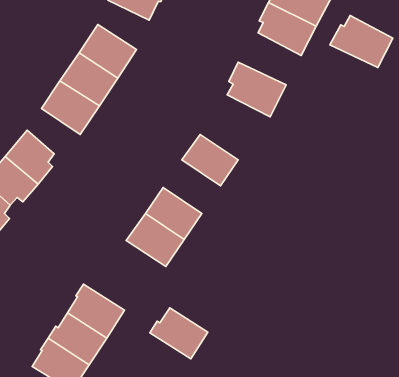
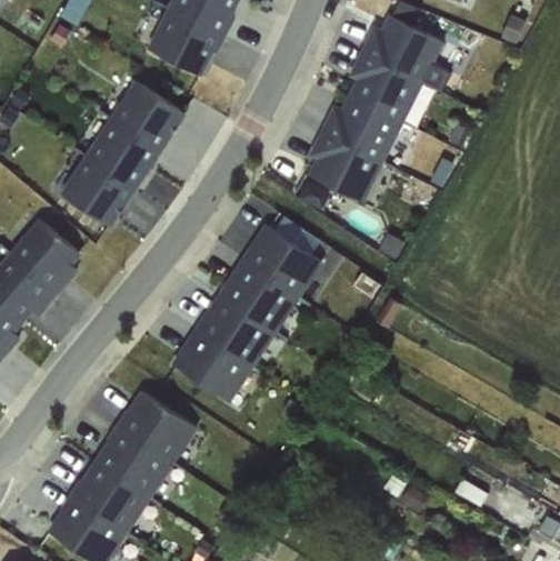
building: [330,16,393,68] -> [320,91,403,160]
building: none -> [221,259,297,330]
building: [150,308,208,359] -> [116,390,192,458]

